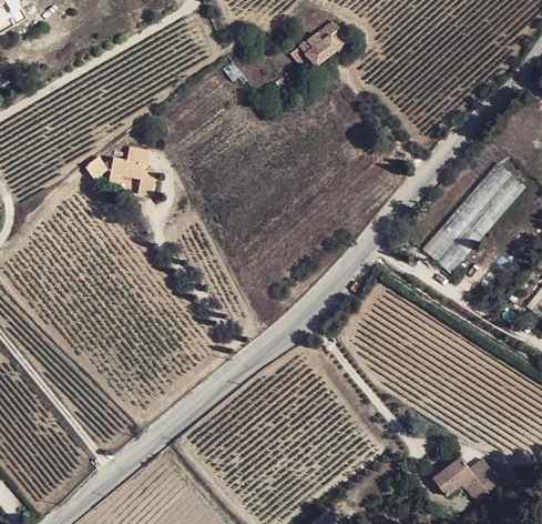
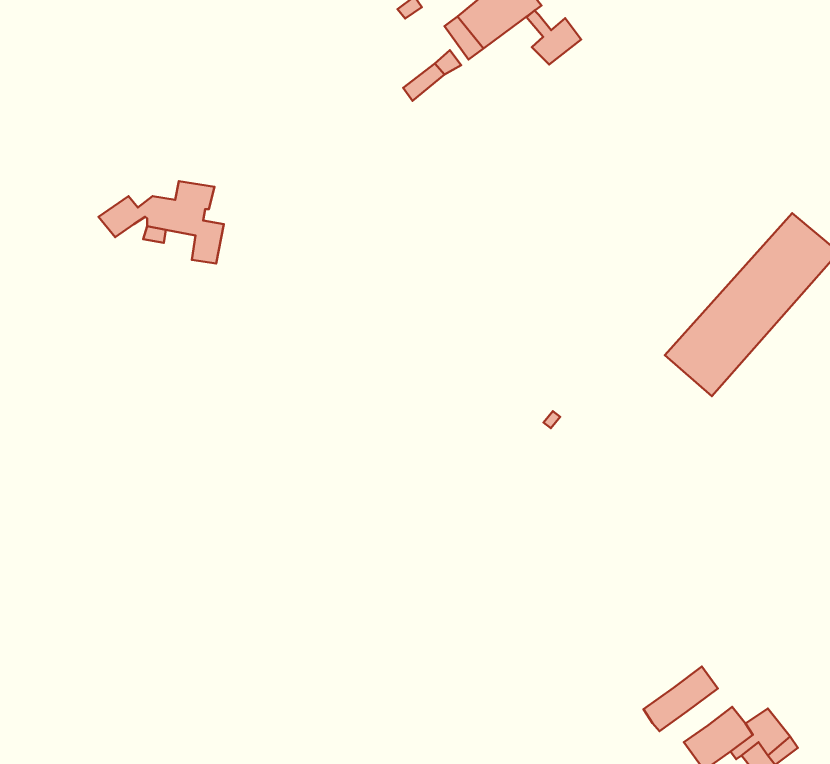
building: none -> [527,11,581,65]
building: none -> [643,666,718,731]

